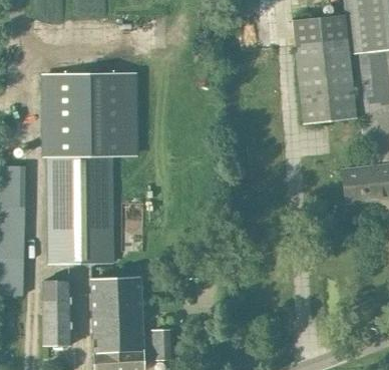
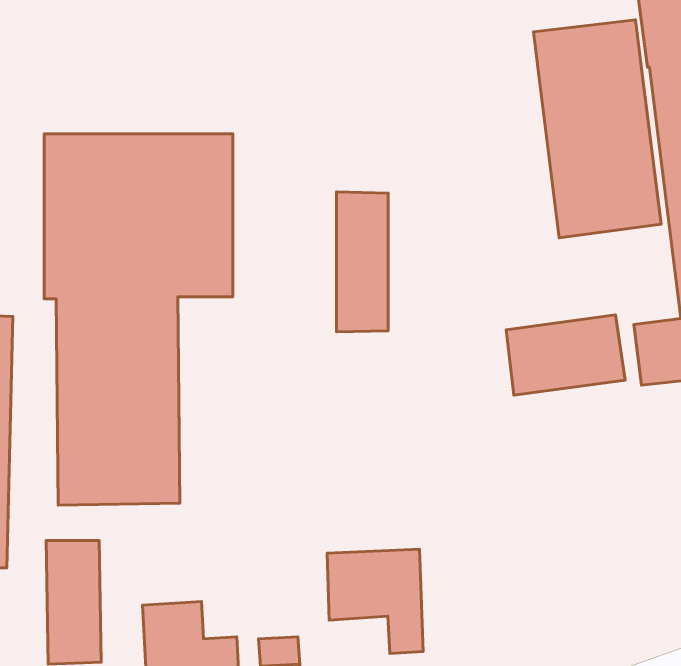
building: none -> [336,192,388,332]
building: none -> [506,315,625,395]
building: [91,278,140,331] -> [327,549,423,653]

